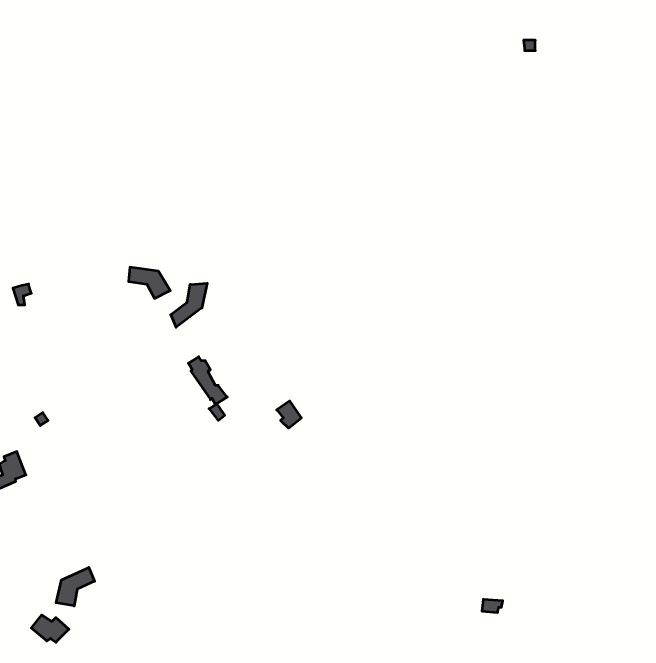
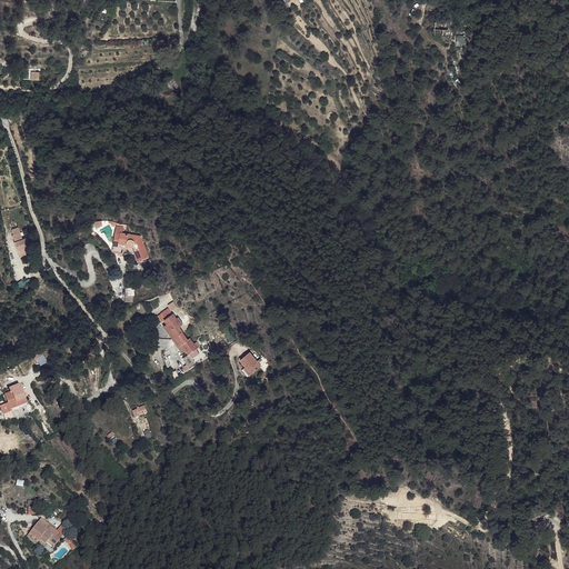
building: [171,283,207,327] -> none
building: [56,567,95,606] -> none

